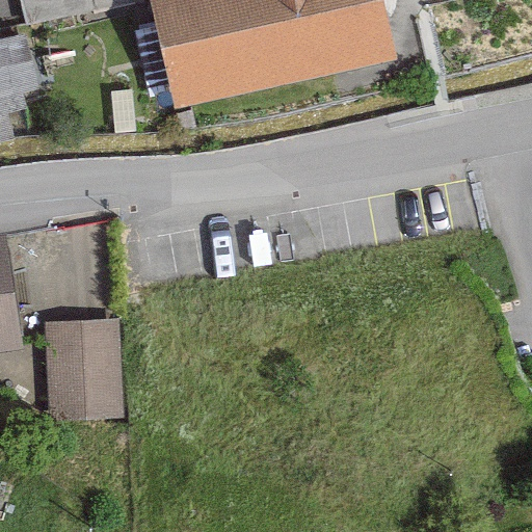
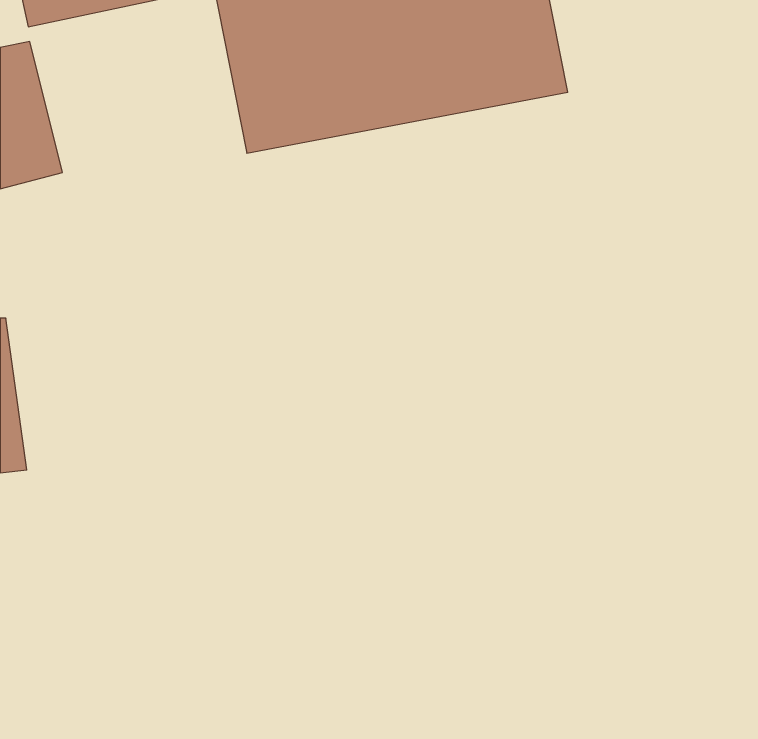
building: [42,309,115,408] -> none

